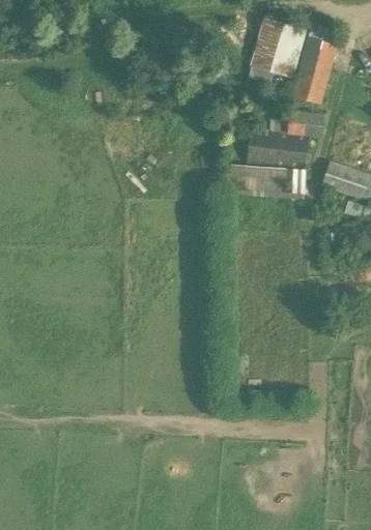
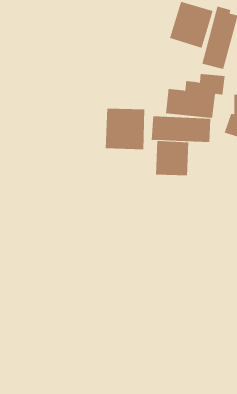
building: none -> [105,108,145,150]
building: none -> [156,140,189,176]

